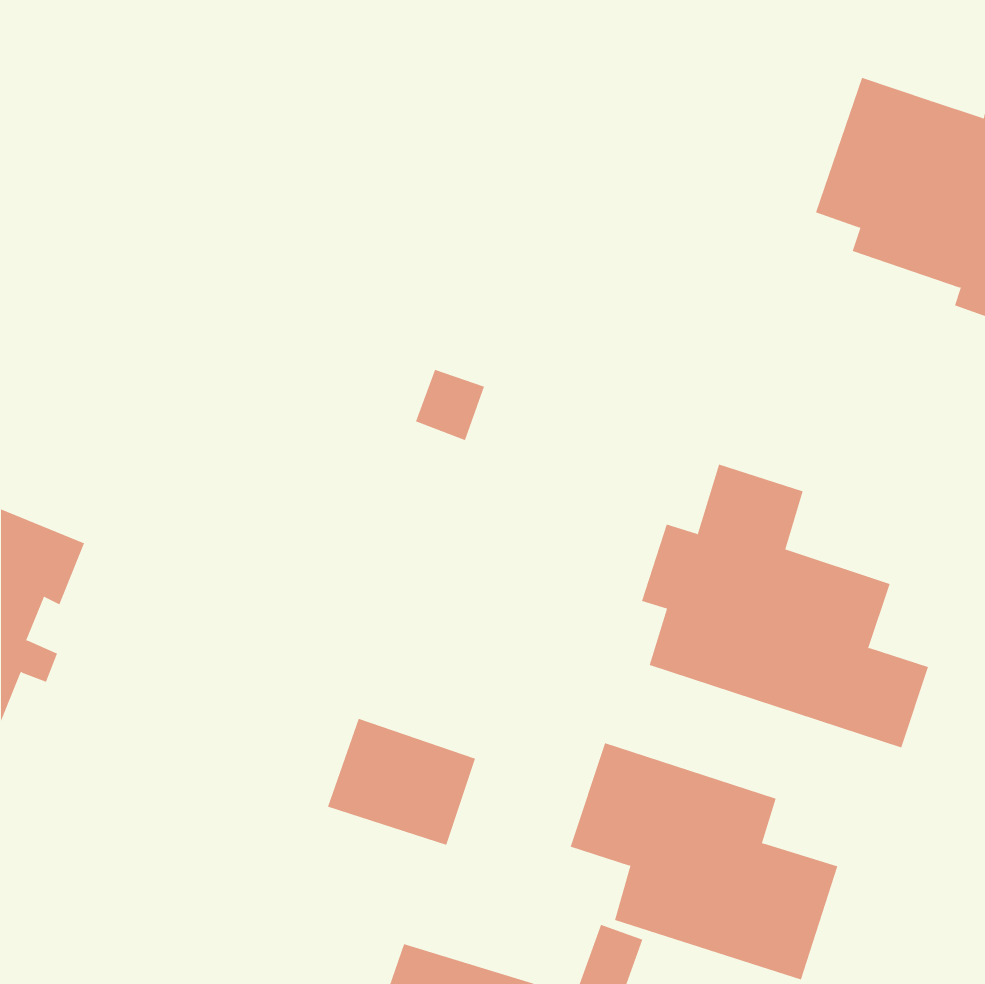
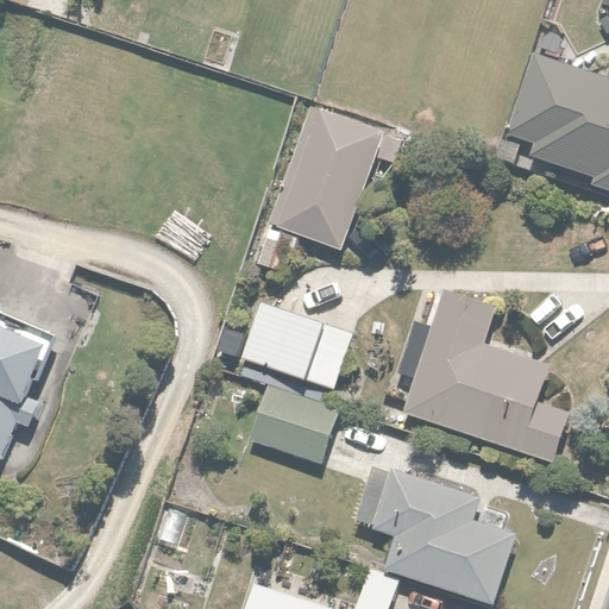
building: none -> [268,107,387,252]
building: none -> [239,303,357,393]
building: [327,718,476,846] -> [249,387,340,465]

